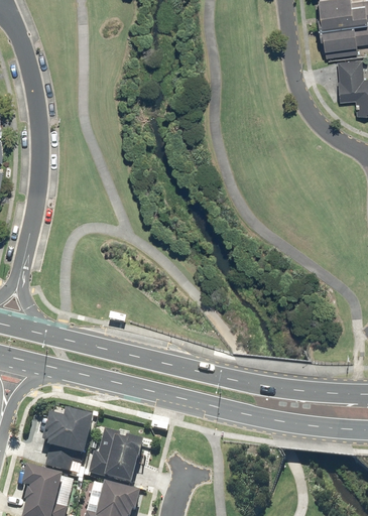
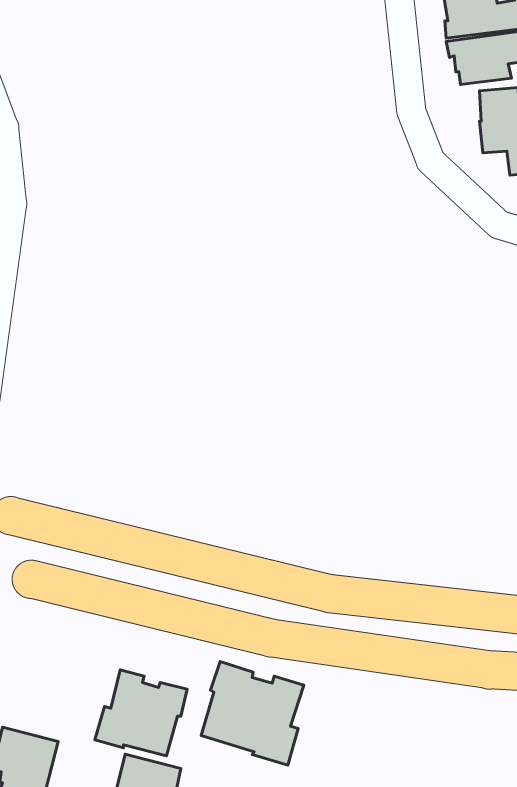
building: [48,408,100,471] -> none
building: none -> [201,661,304,765]

